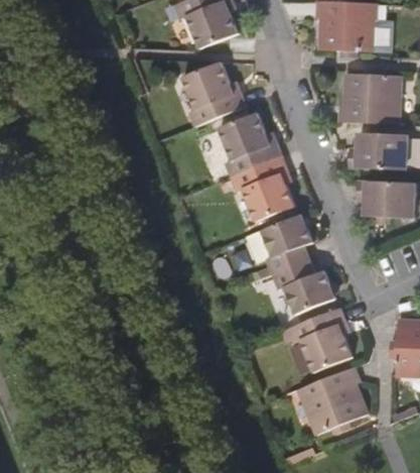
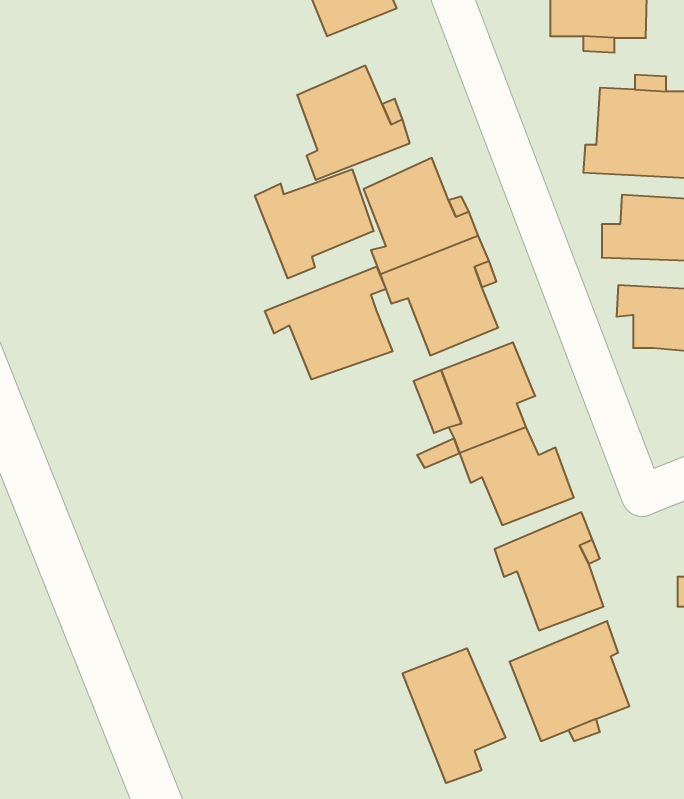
building: none -> [255,169,374,278]
building: none -> [265,267,393,379]
building: none -> [403,648,505,783]

